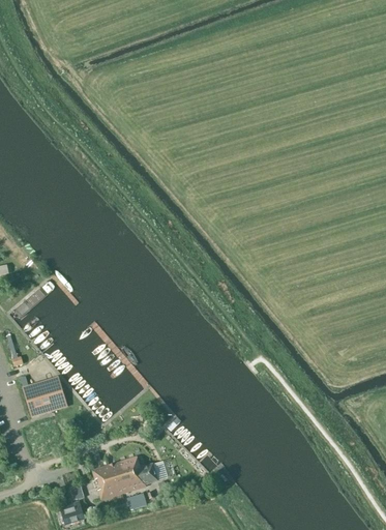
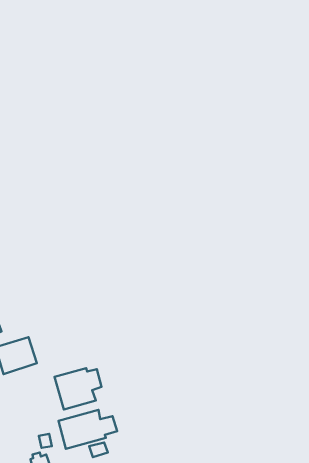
building: none -> [54,368,102,410]

